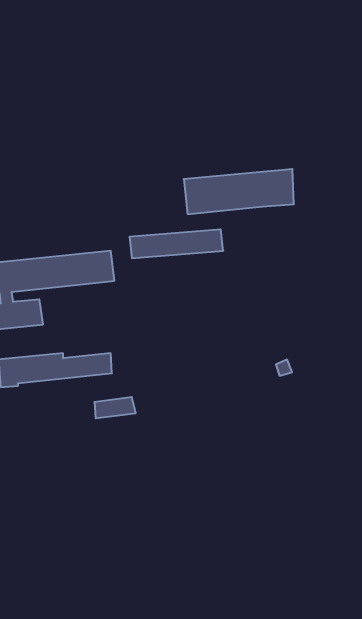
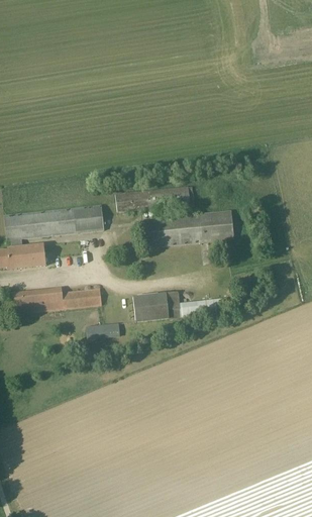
building: [184,169,294,214] -> [144,210,233,246]
building: none -> [134,292,182,321]

